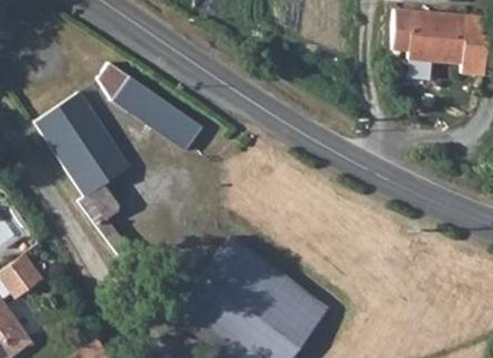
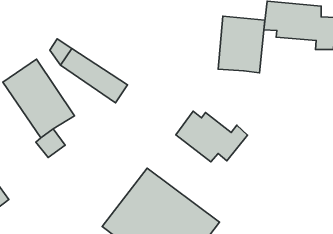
building: none -> [218,16,265,73]
building: none -> [176,111,248,162]

